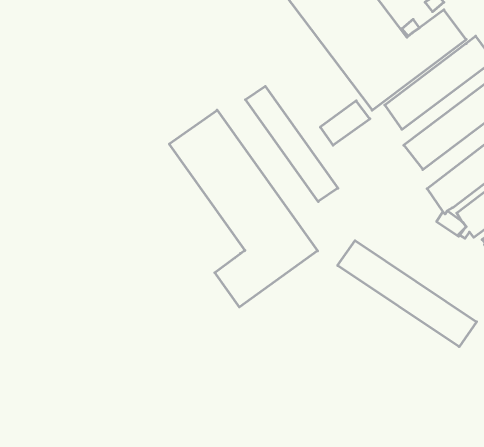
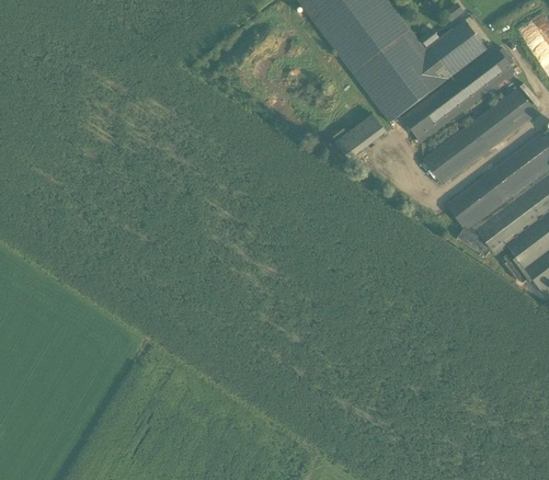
building: [245,86,338,202] -> none
building: [169,110,318,307] -> none
building: [338,241,477,347] -> none

